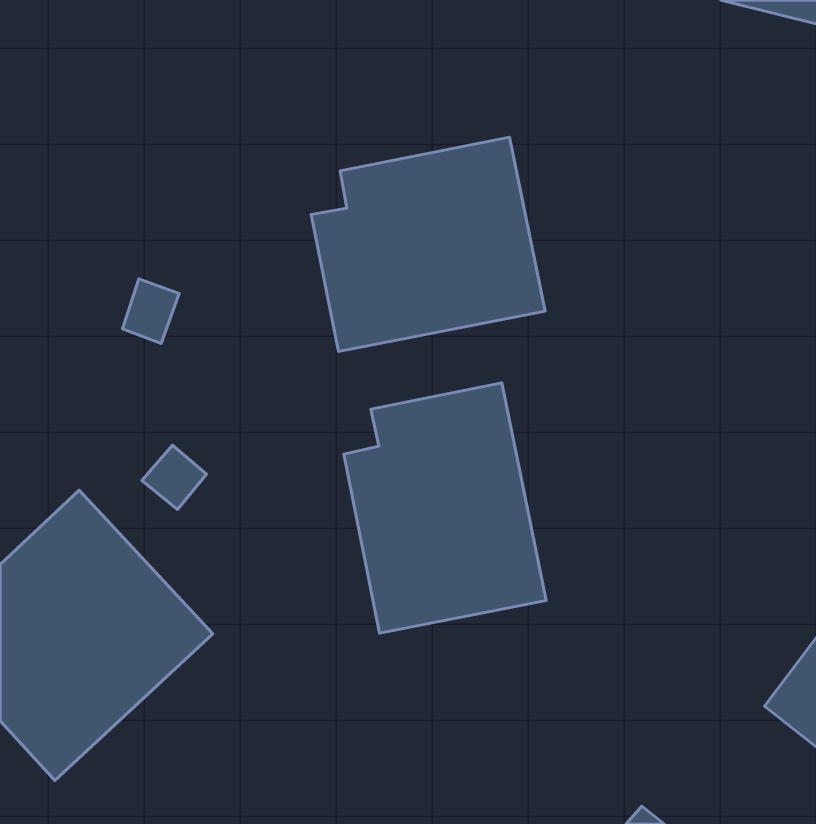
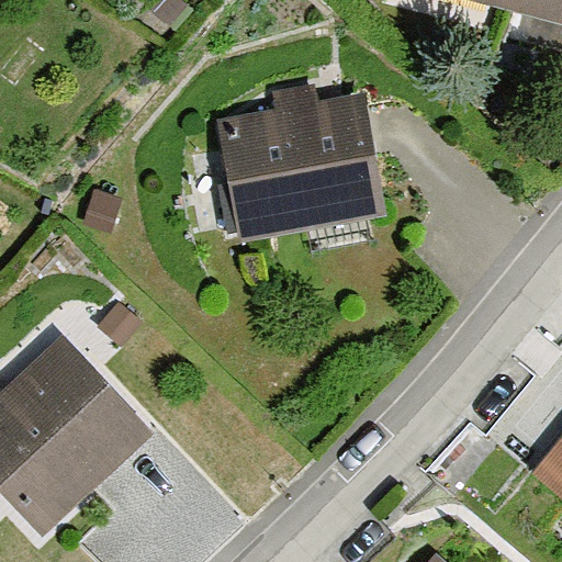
building: [344,383,546,633] -> none

